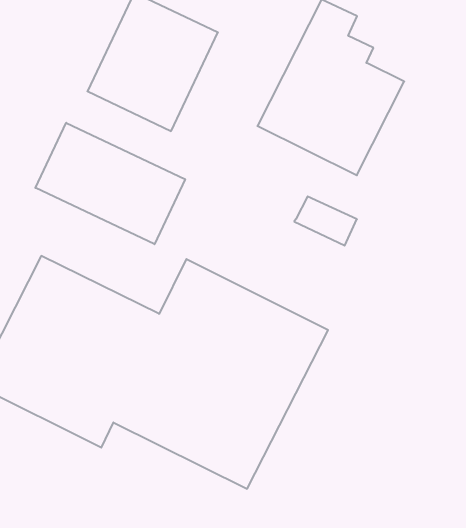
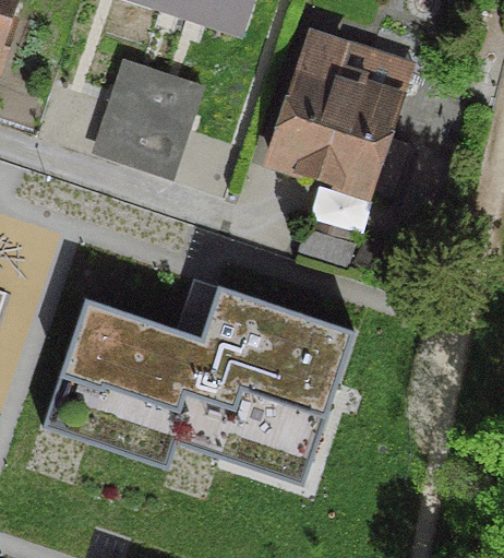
building: [35,123,185,244] -> none

